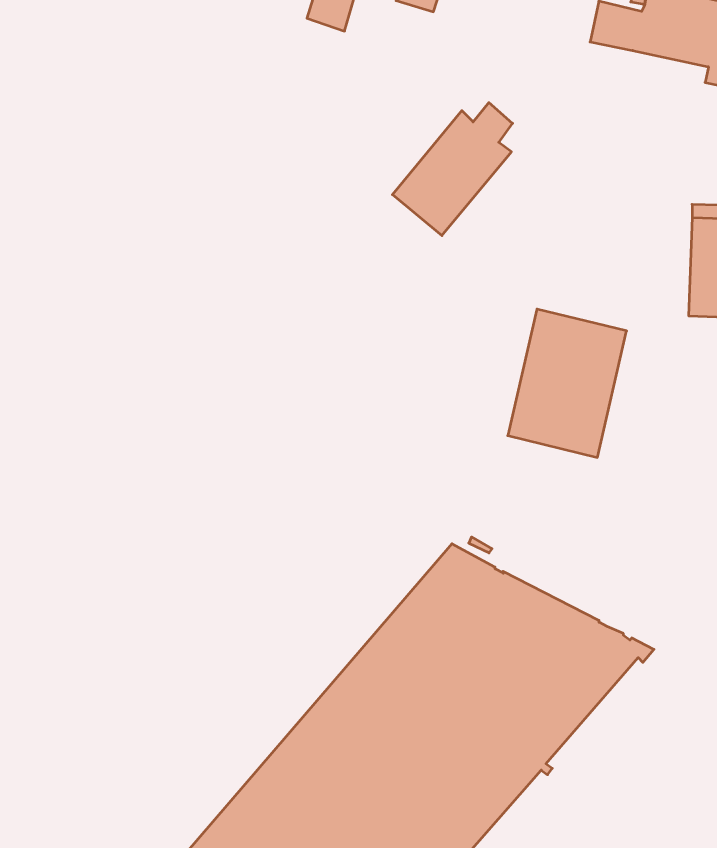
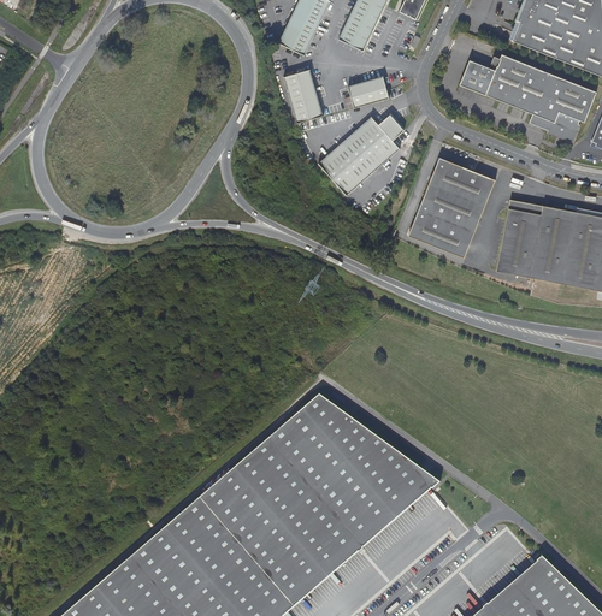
building: none -> [344,77,388,108]
building: none -> [283,70,321,123]
building: [508,309,627,457] -> [408,158,495,259]

